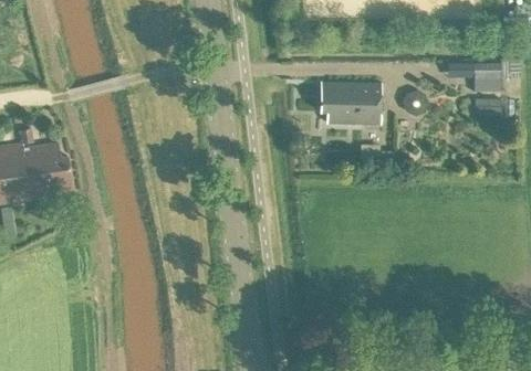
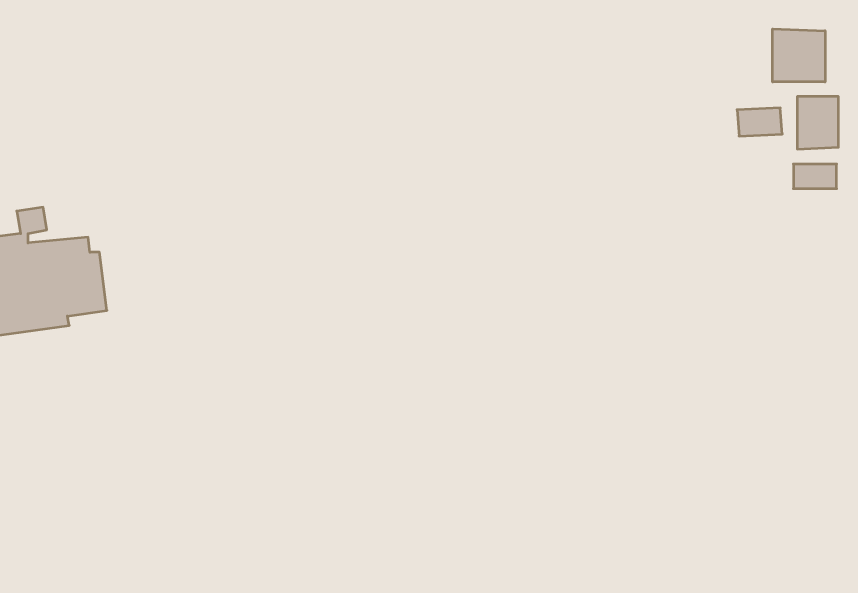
building: none -> [773,29,825,82]
building: [321,80,383,123] -> none

